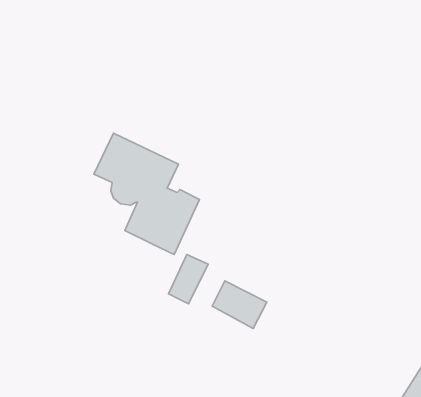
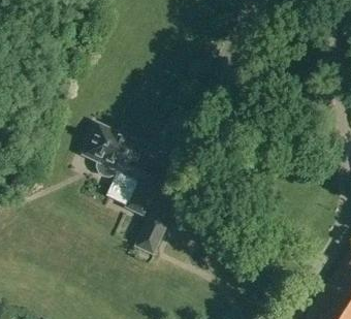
building: [212,281,267,328] -> none

